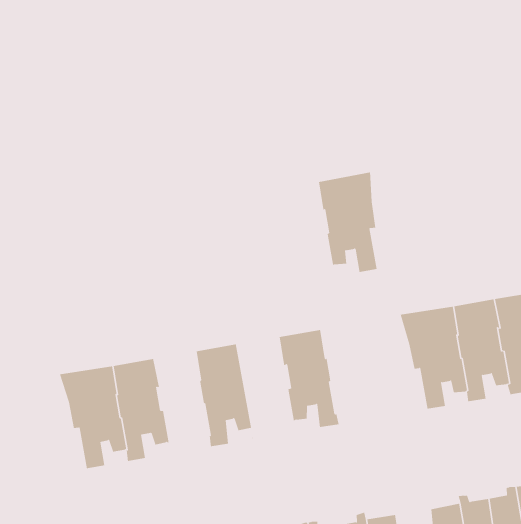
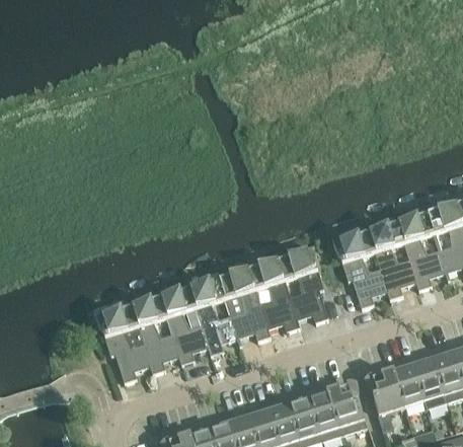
building: [318,172,378,272] -> [279,247,329,320]
building: none -> [220,269,272,344]
building: none -> [162,287,210,363]

